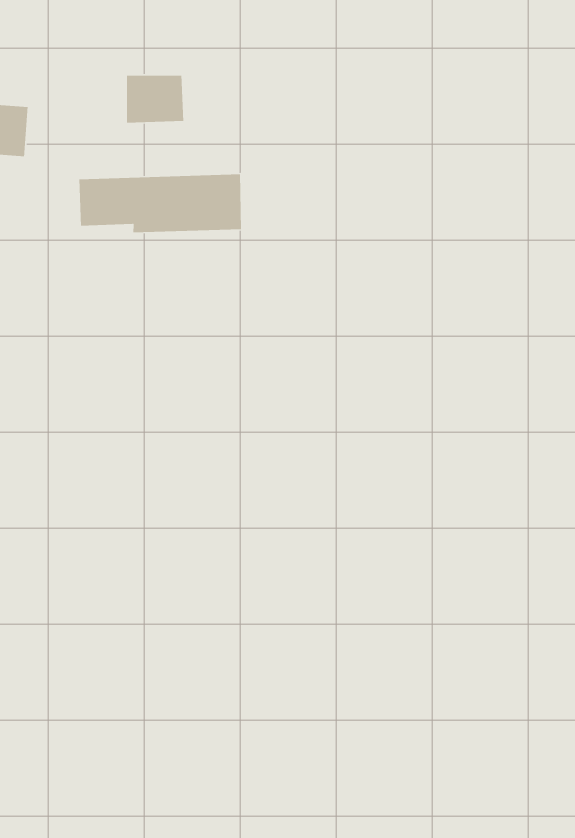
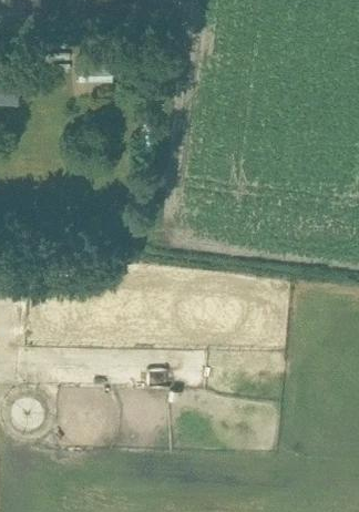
building: [78,174,242,233] -> none

